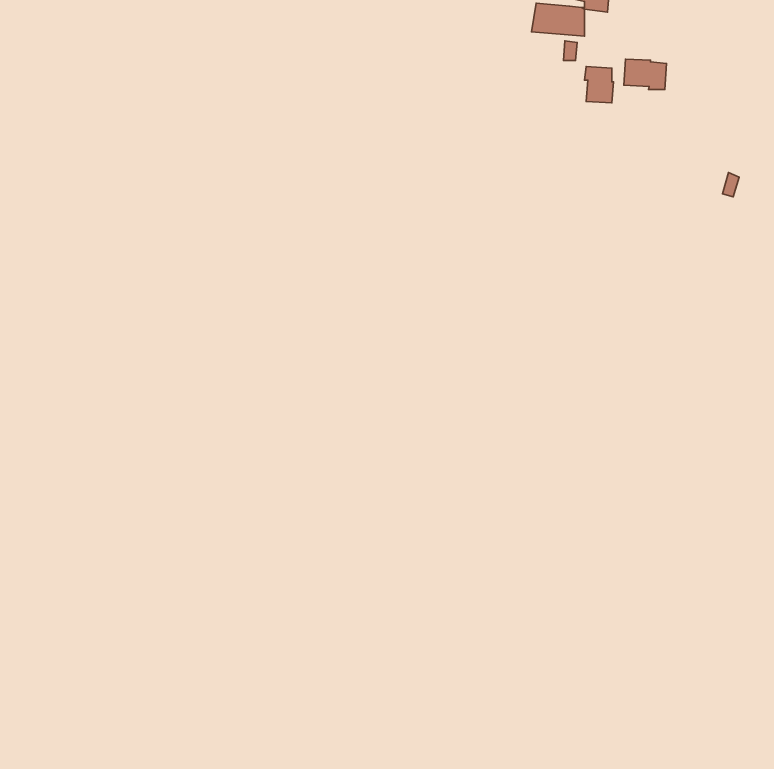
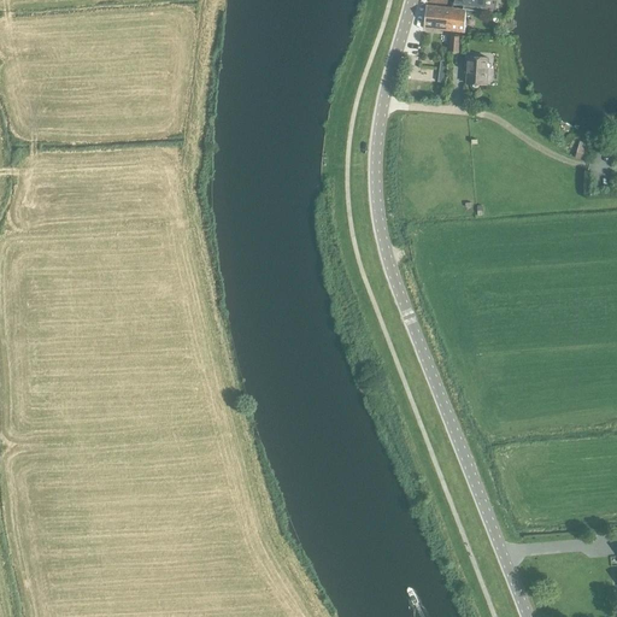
building: [624,59,666,90] -> none

